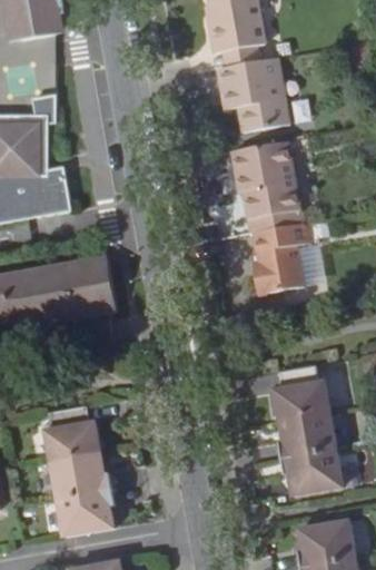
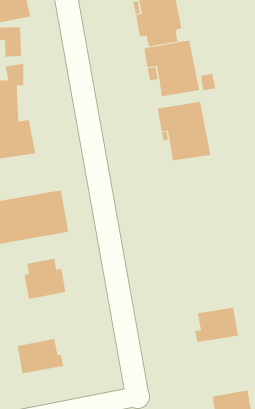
building: [251,223,316,292] -> none
building: [278,365,332,419] -> none
building: [40,407,96,462] -> [24,258,66,300]
building: [283,449,345,494] -> none
building: [52,489,110,538] -> none

